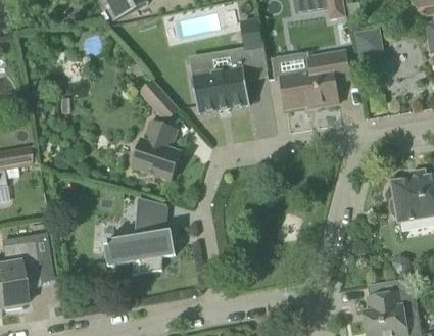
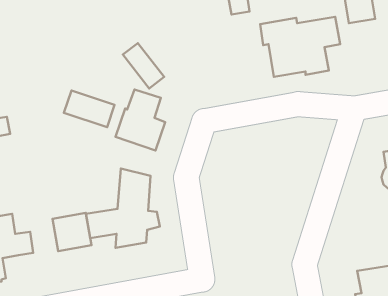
building: [192,52,254,112] -> none
building: none -> [64,90,115,127]
building: none -> [52,213,91,251]

